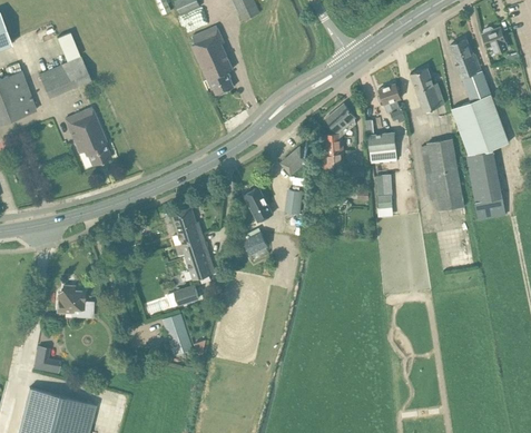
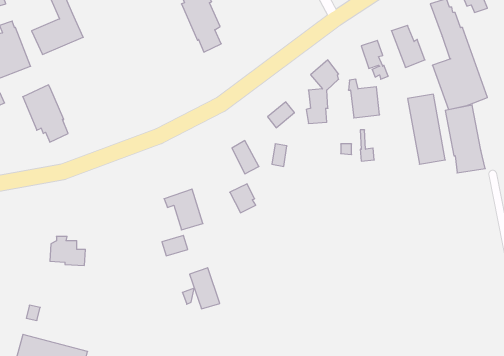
building: [65,107,111,166] -> [23,85,68,142]
building: [171,208,204,247] -> none
building: [161,313,193,355] -> [190,268,220,309]

